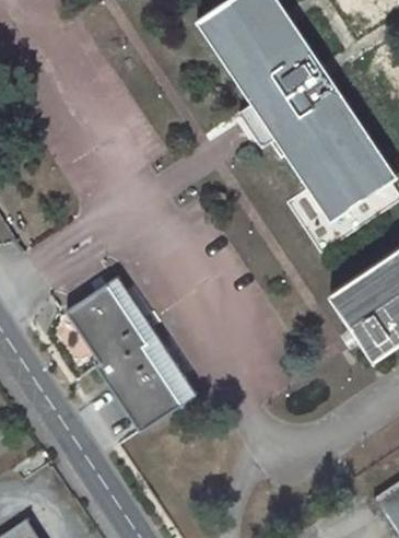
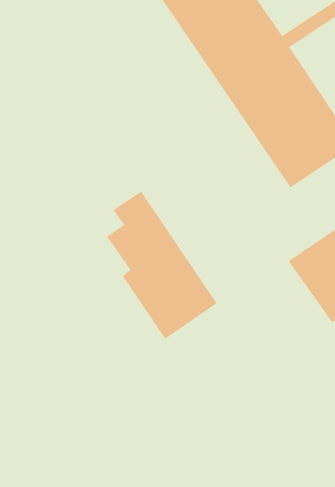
building: [80,280,193,432] -> [106,191,217,340]

